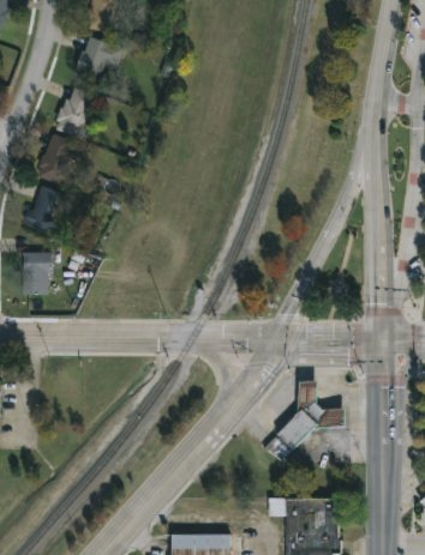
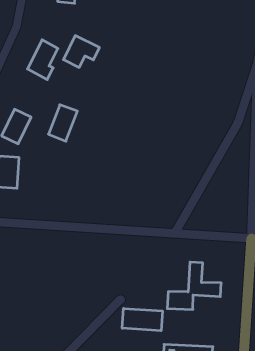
building: [74,35,124,79] -> [63,36,99,67]
building: [37,134,76,185] -> [48,105,77,141]
building: none -> [122,308,162,331]

